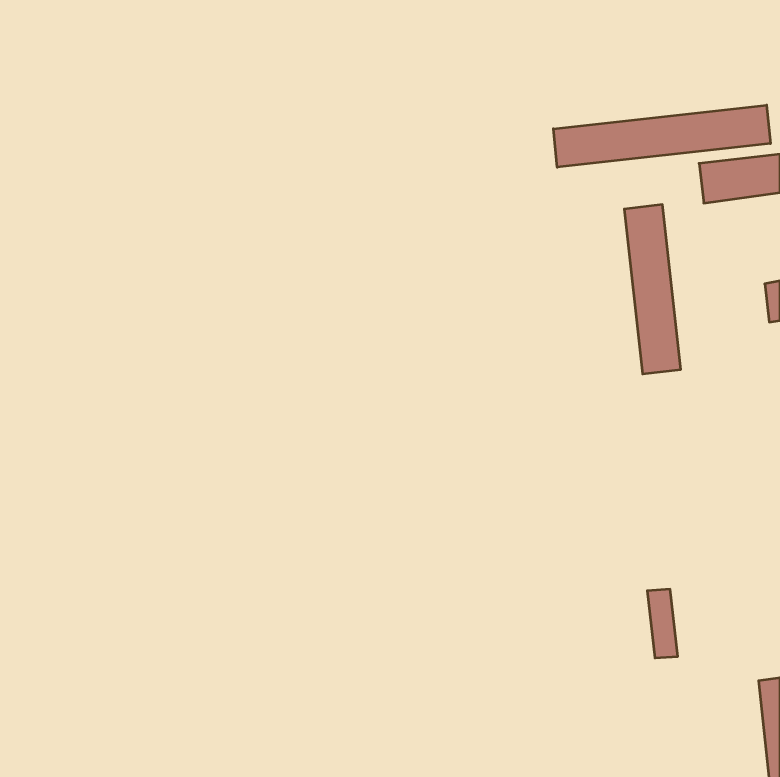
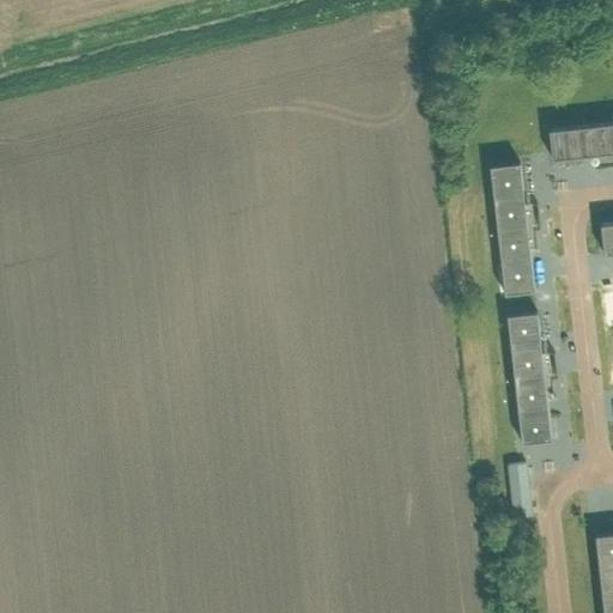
building: [553,105,770,167] -> none
building: none -> [506,312,552,444]

